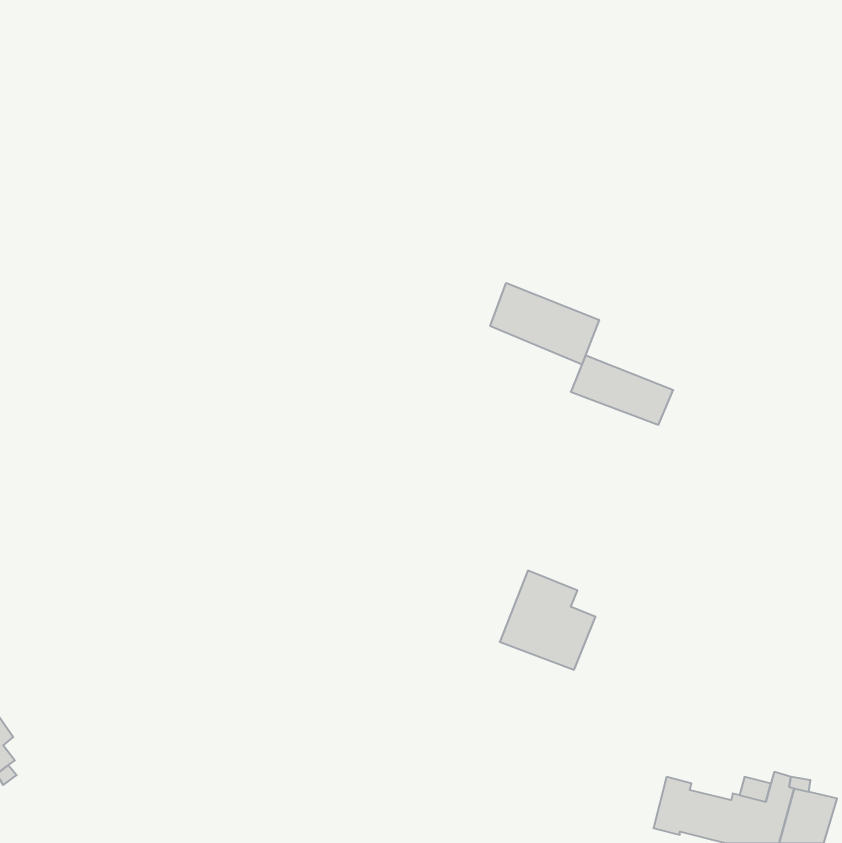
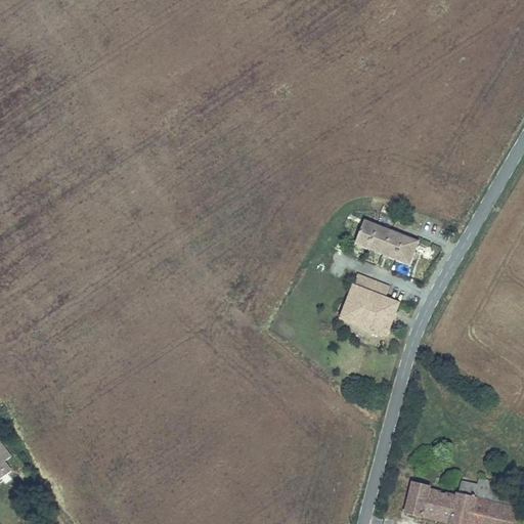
building: [490,283,599,364] -> none
building: [500,571,596,670] -> [339,274,398,336]

